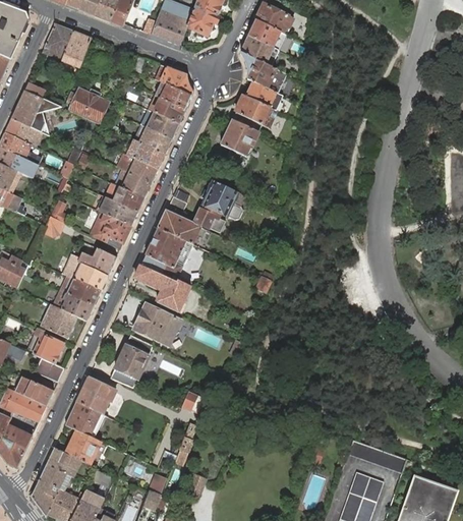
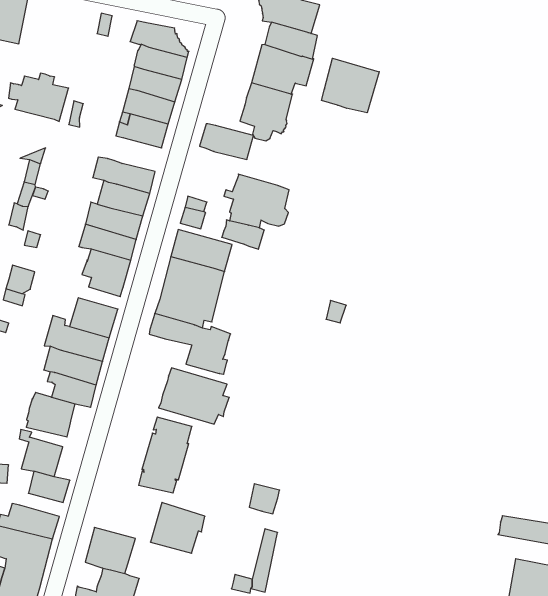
building: none -> [322,58,379,113]
building: [126,140,164,169] -> [200,124,254,159]
building: [75,377,115,414] -> [150,502,205,553]

